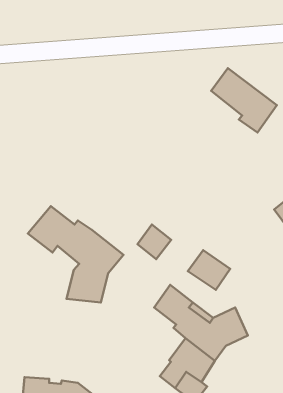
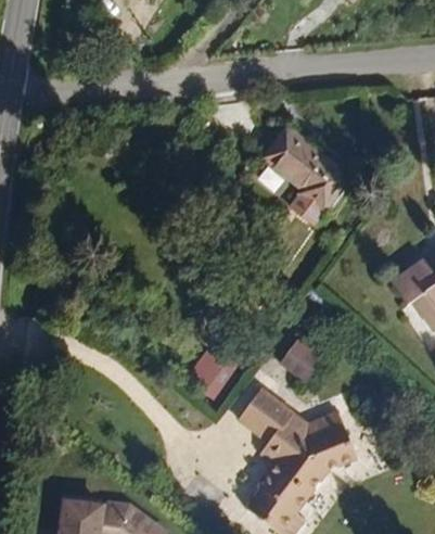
building: [211,68,277,132] -> [247,127,332,209]
building: [28,206,123,302] -> none
building: [137,225,171,259] -> [188,349,231,394]

